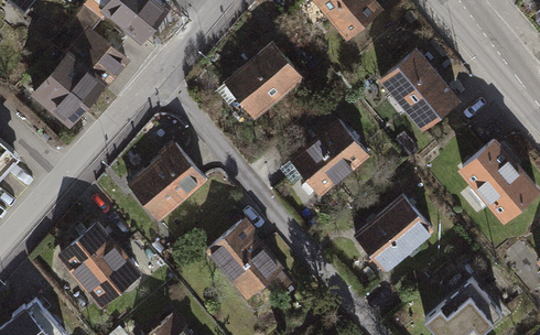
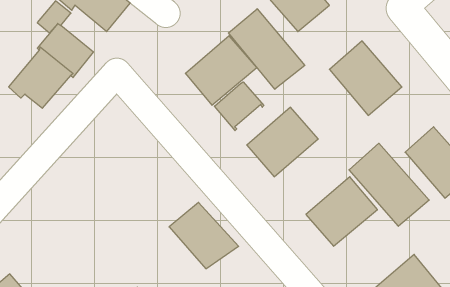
building: none -> [228,9,305,89]
building: none -> [214,82,264,131]
building: [127,144,206,221] -> none
building: none -> [349,143,429,226]
building: [60,224,137,303] -> none

